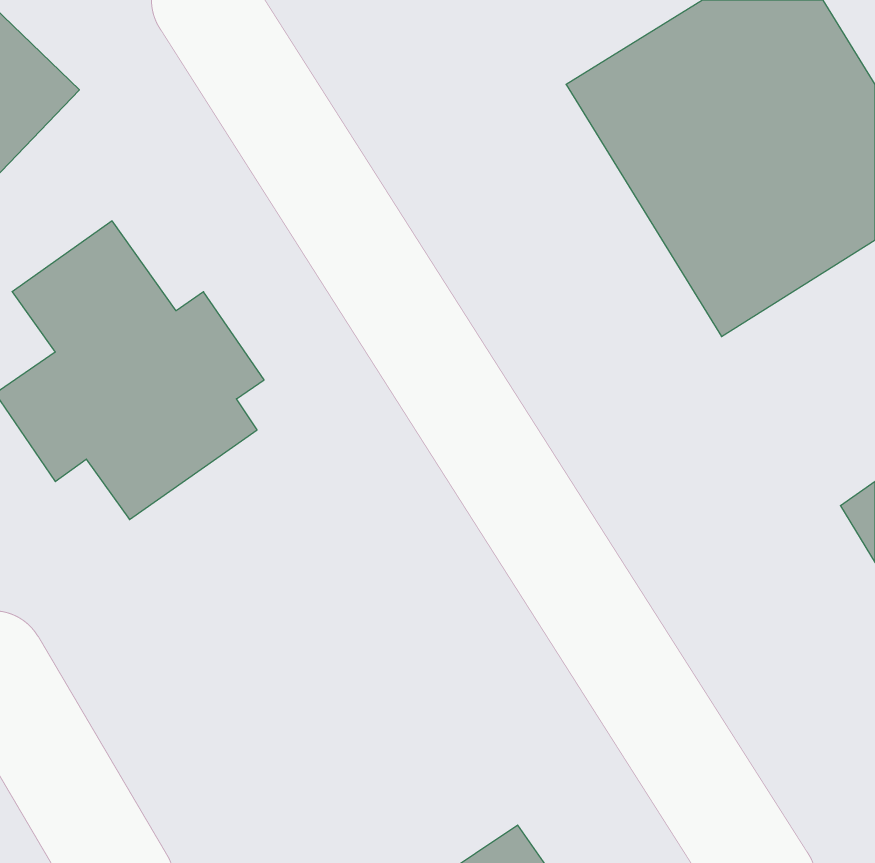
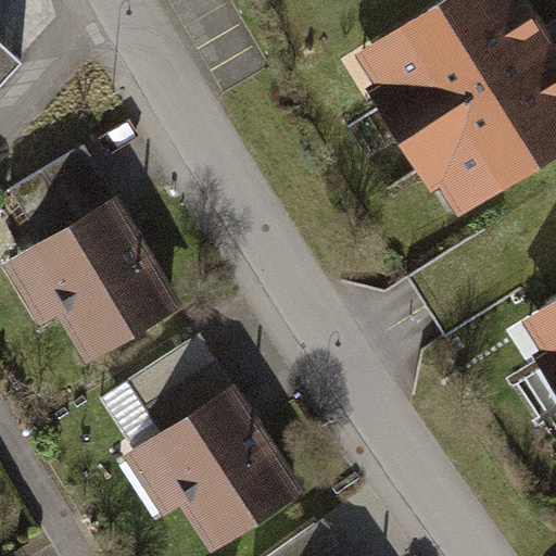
building: none -> [119,344,289,532]

